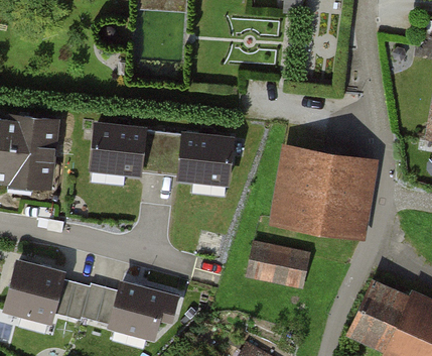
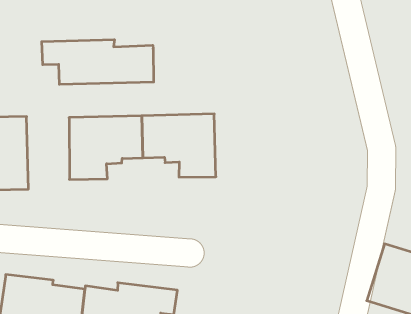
building: none -> [42,40,154,84]
building: [271,147,375,239] -> none
building: [252,248,309,283] -> none

